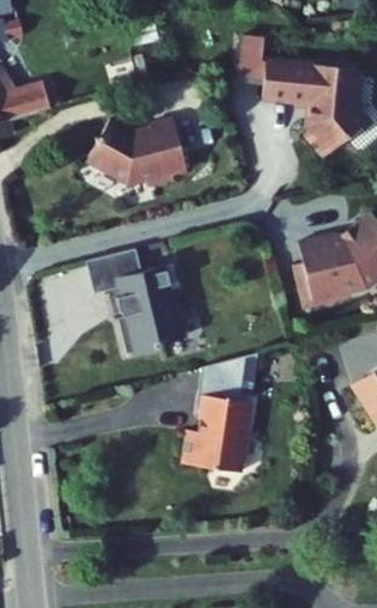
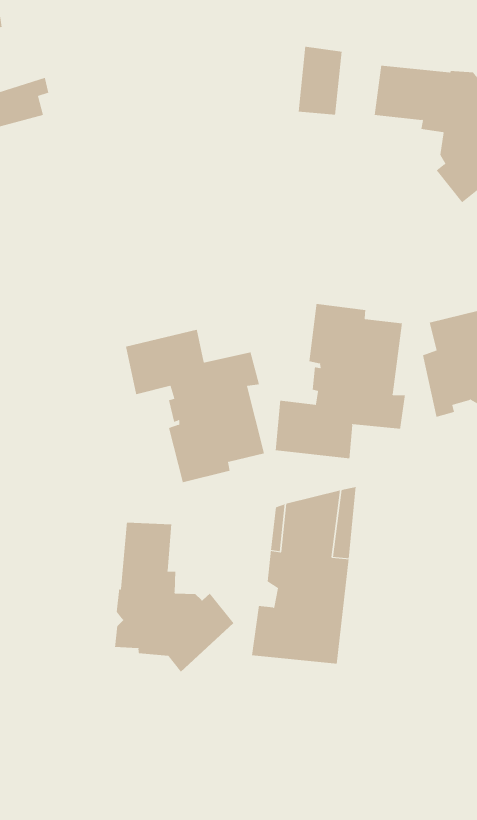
building: [99,115,196,183] -> none
building: none -> [275,303,405,459]
building: none -> [114,522,234,673]

